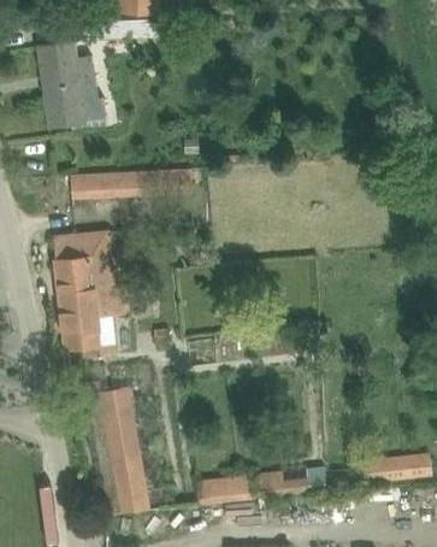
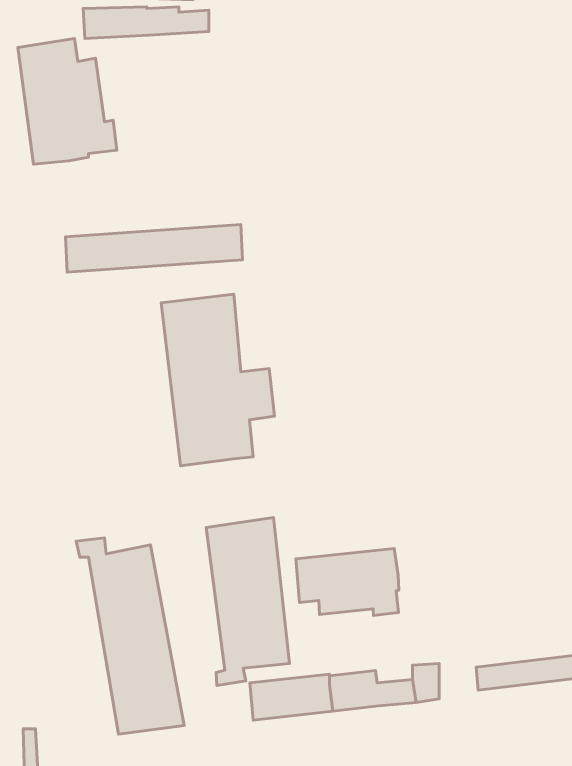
building: [53,231,130,348] -> [161,294,274,466]
building: none -> [206,517,290,685]
building: none -> [296,549,399,616]

